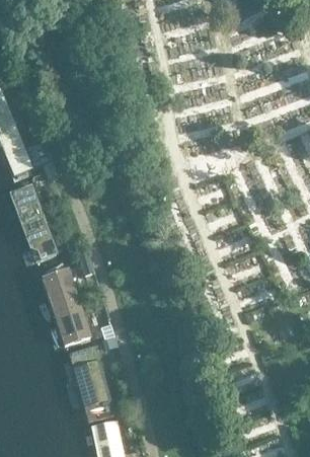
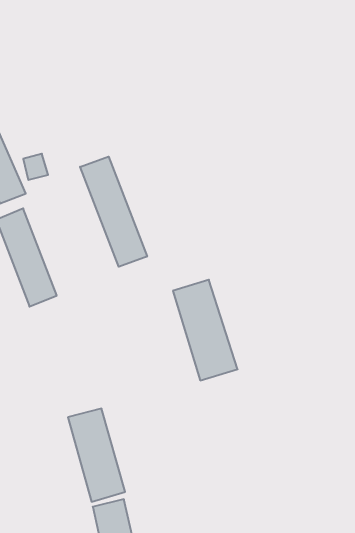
building: none -> [80,157,147,267]
building: [37,262,90,345] -> [173,280,238,380]

